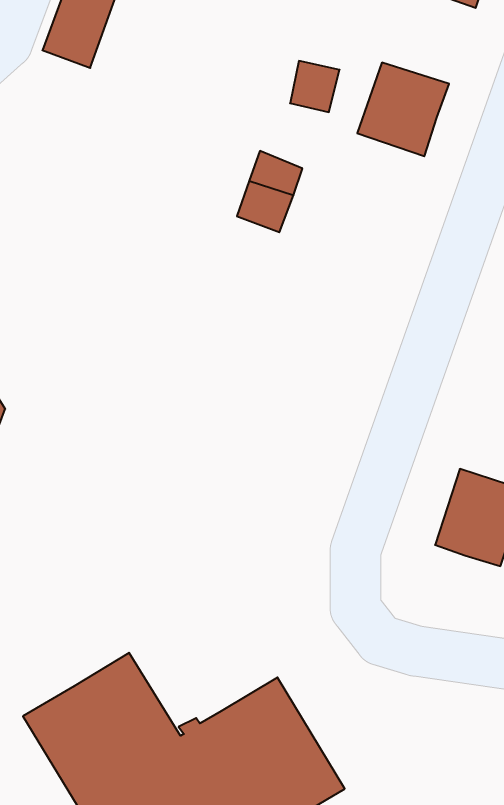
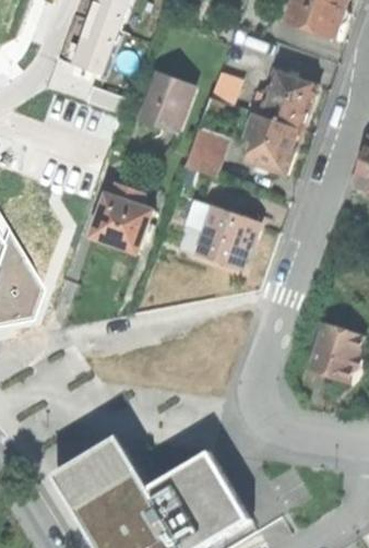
building: none -> [138,73,191,133]
building: none -> [245,115,299,174]
building: none -> [88,182,150,252]
building: none -> [187,202,253,270]

